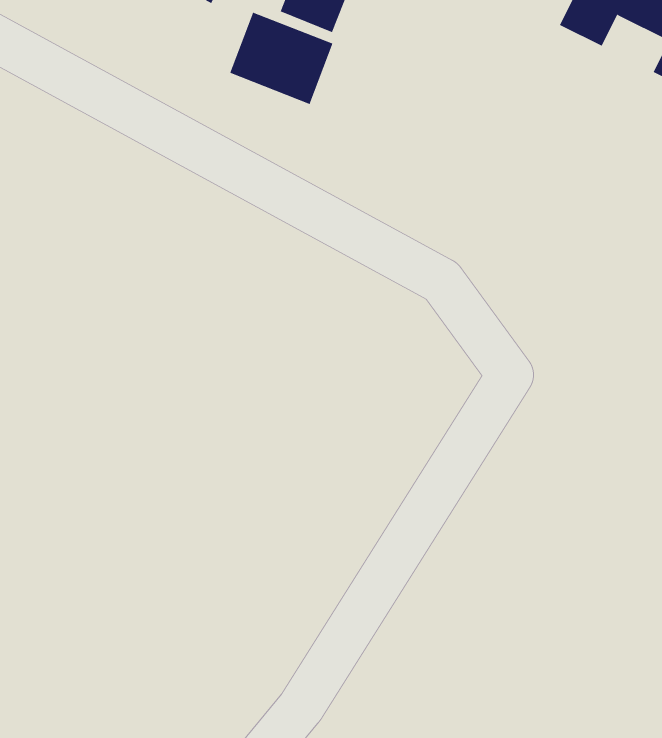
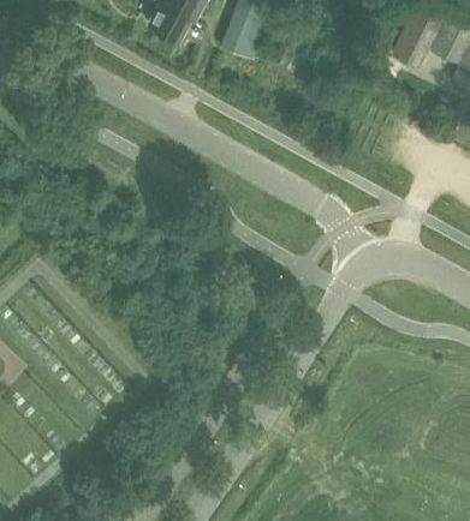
building: [230,12,333,105] -> none

